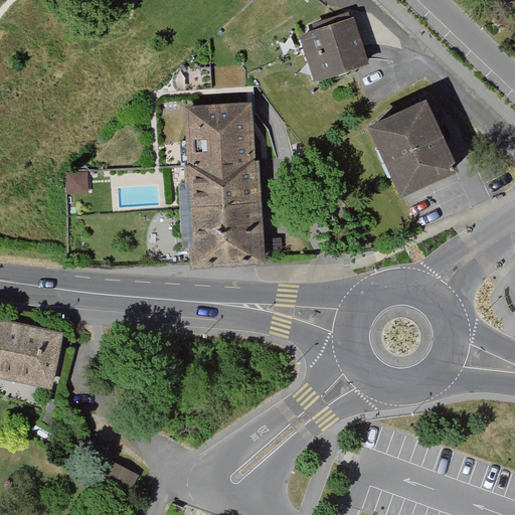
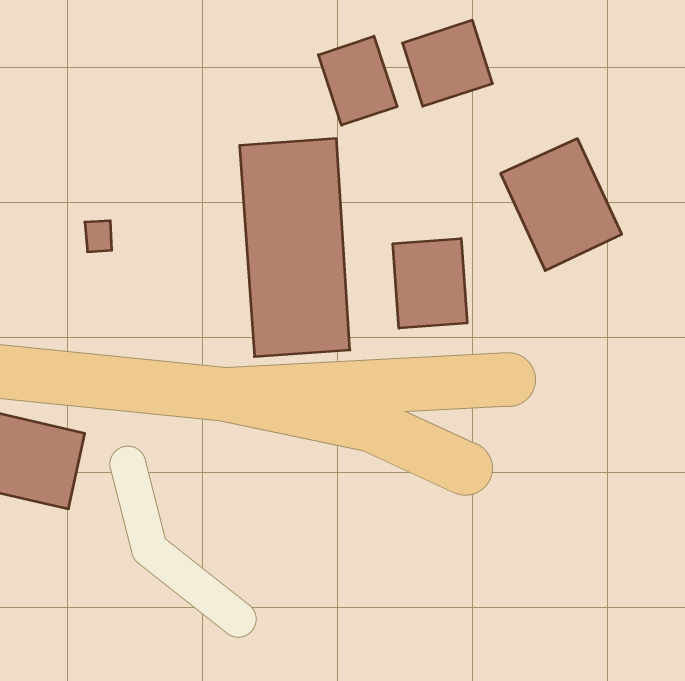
building: none -> [318,36,397,125]
building: none -> [393,238,467,328]

